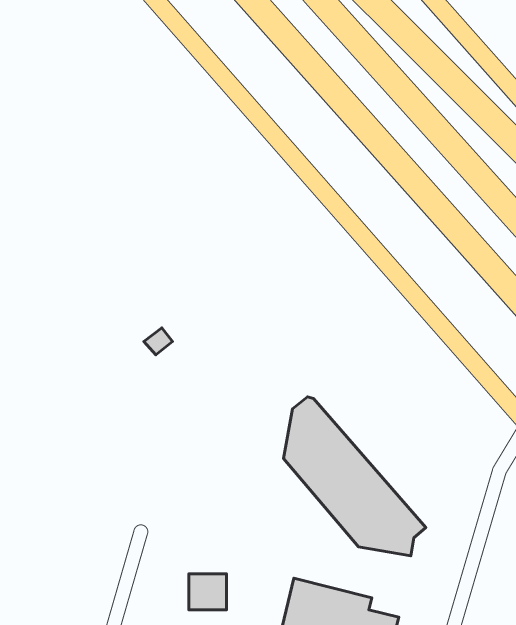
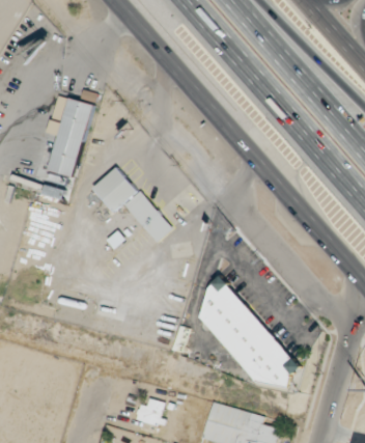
building: none -> [48,98,92,177]
building: none -> [89,165,170,242]

